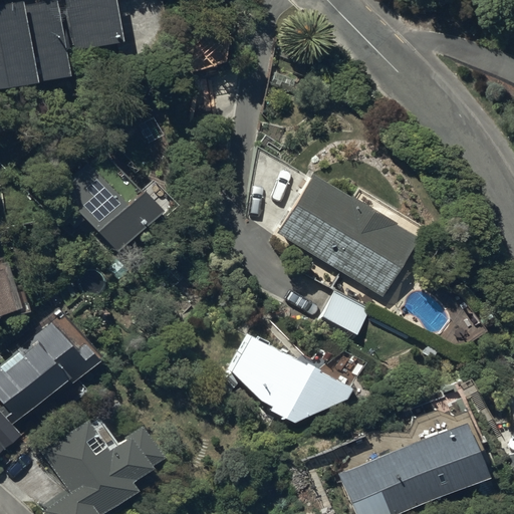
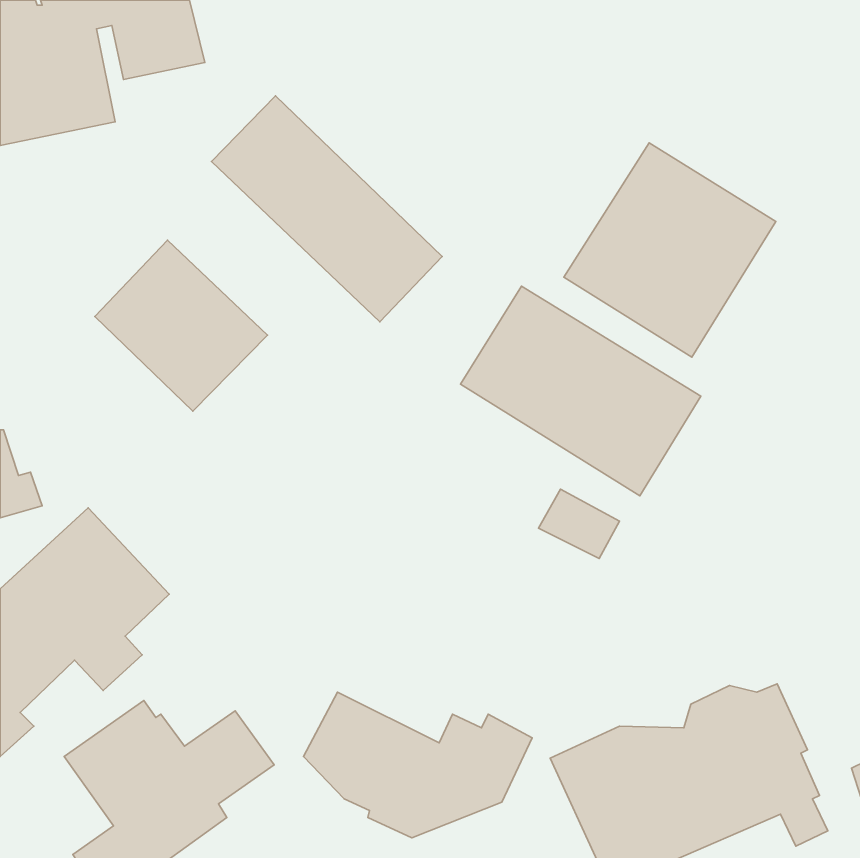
building: none -> [212,96,442,322]
building: none -> [564,143,776,357]
building: [232,336,367,423] -> [304,692,532,838]

